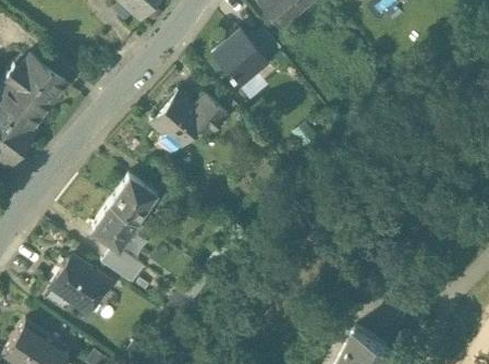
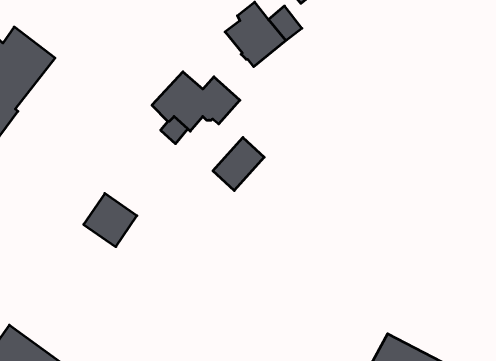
building: none -> [213,137,264,191]
building: [110,172,158,219] -> none
building: [101,244,142,279] -> none
building: [45,248,108,308] -> none

